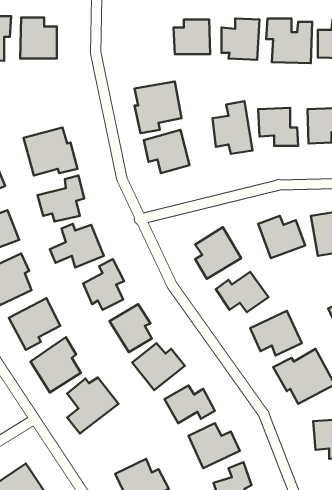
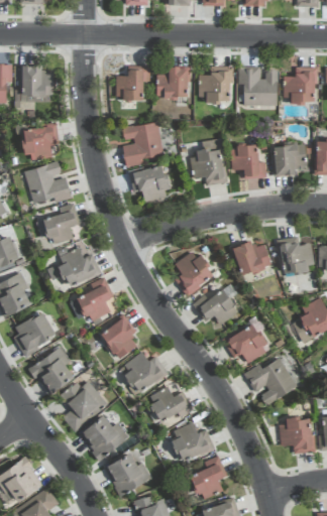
building: none -> [116,67,150,100]
building: none -> [23,125,60,161]
building: none -> [80,413,127,461]

